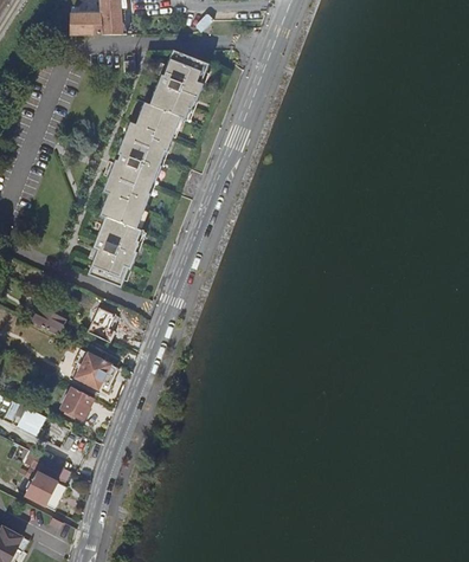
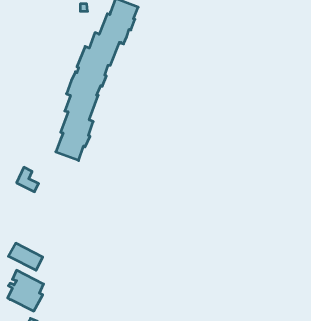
building: [85,308,114,342] -> none
building: [77,353,116,388] -> none
building: [60,386,92,418] -> none

